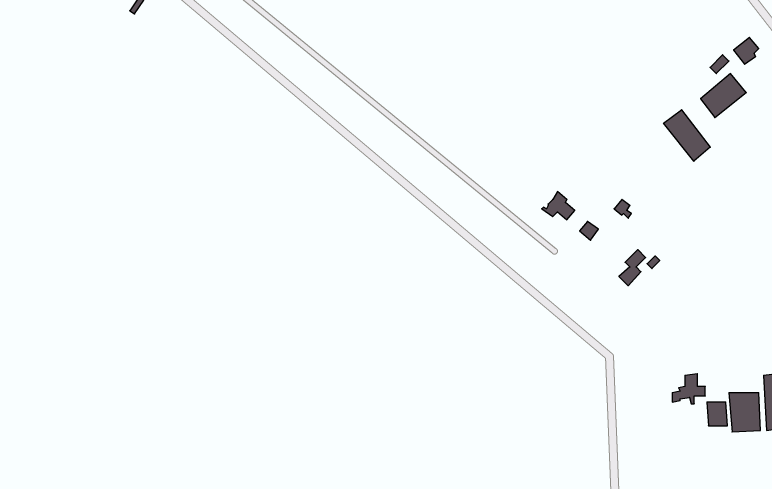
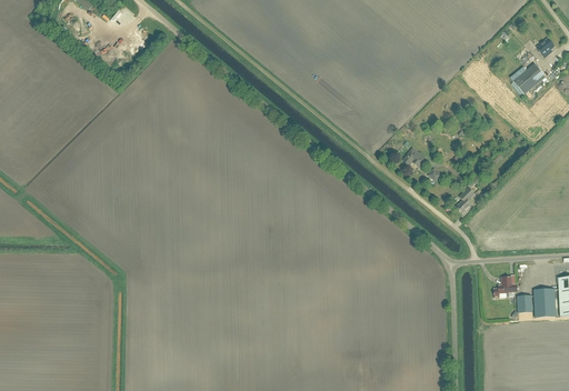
building: [664,110,710,161] -> none

